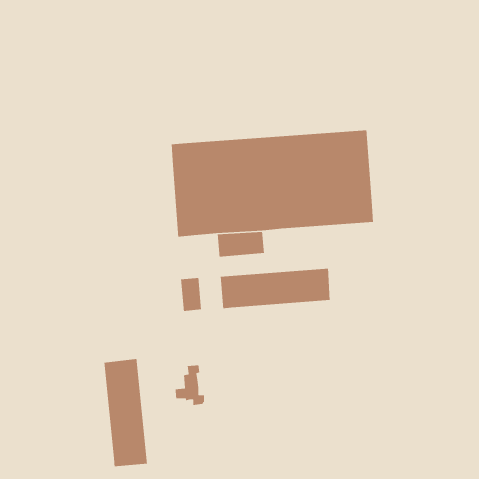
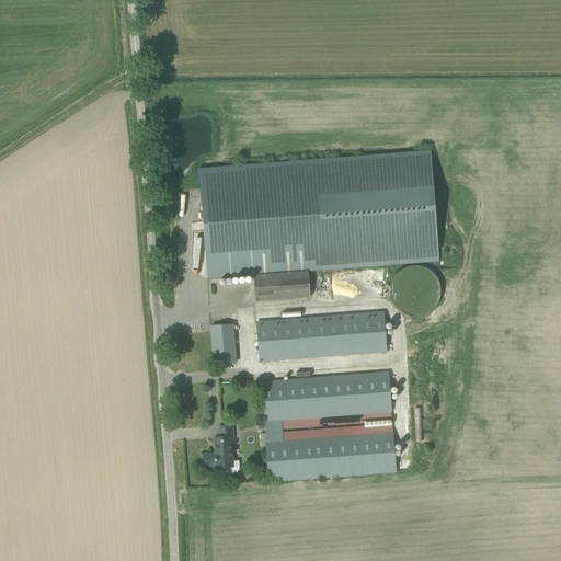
building: none -> [262,373,397,481]
building: [103,358,148,467] -> none

